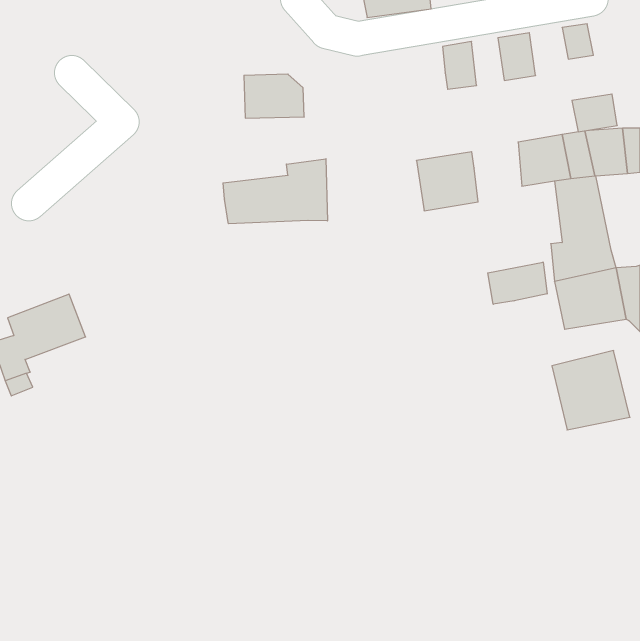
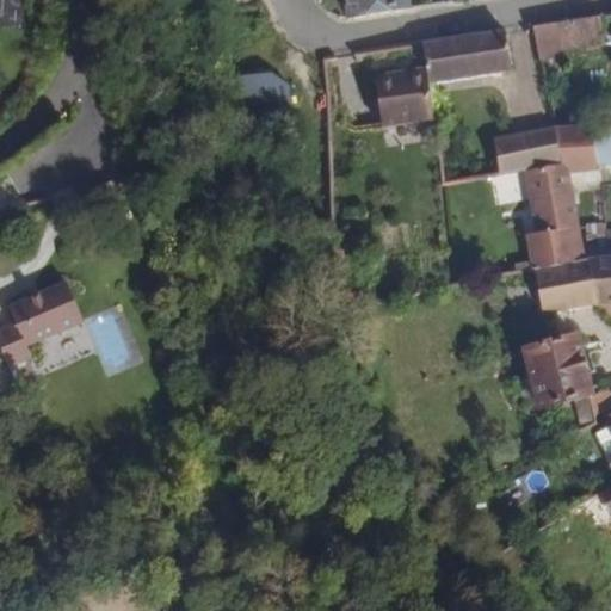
building: none -> [448,36,479,81]
building: [572,94,617,132] -> [557,17,600,53]
building: [416,152,478,211] -> [370,69,428,125]
building: [223,159,327,224] -> none
building: [488,262,547,304] -> none

